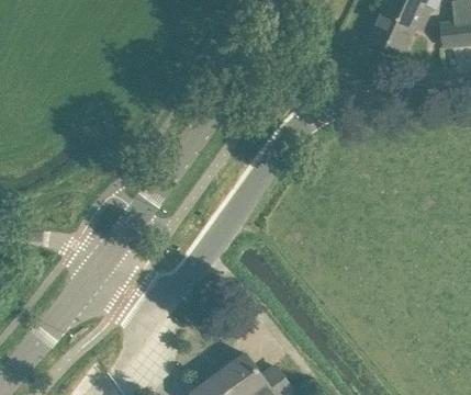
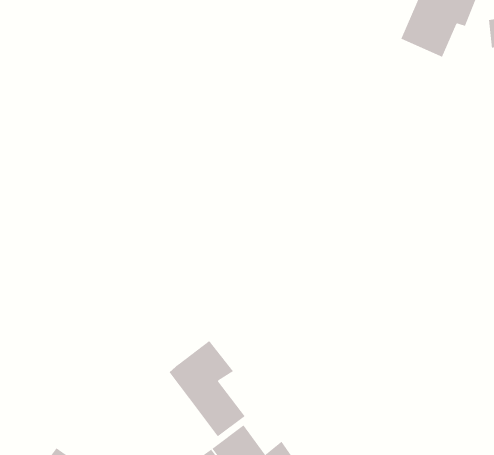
building: none -> [169,340,246,437]

